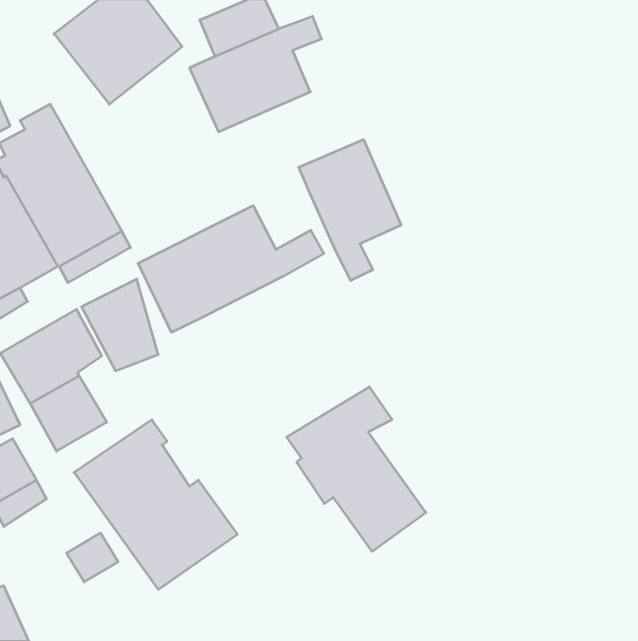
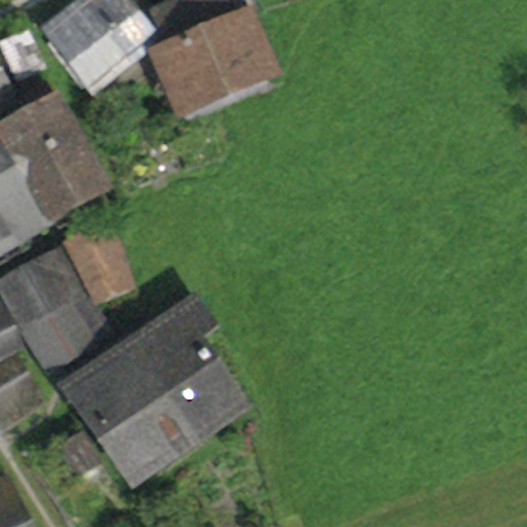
building: [299,140,401,281] -> none
building: [138,206,324,332] -> none
building: [287,387,426,551] -> [125,303,239,437]

